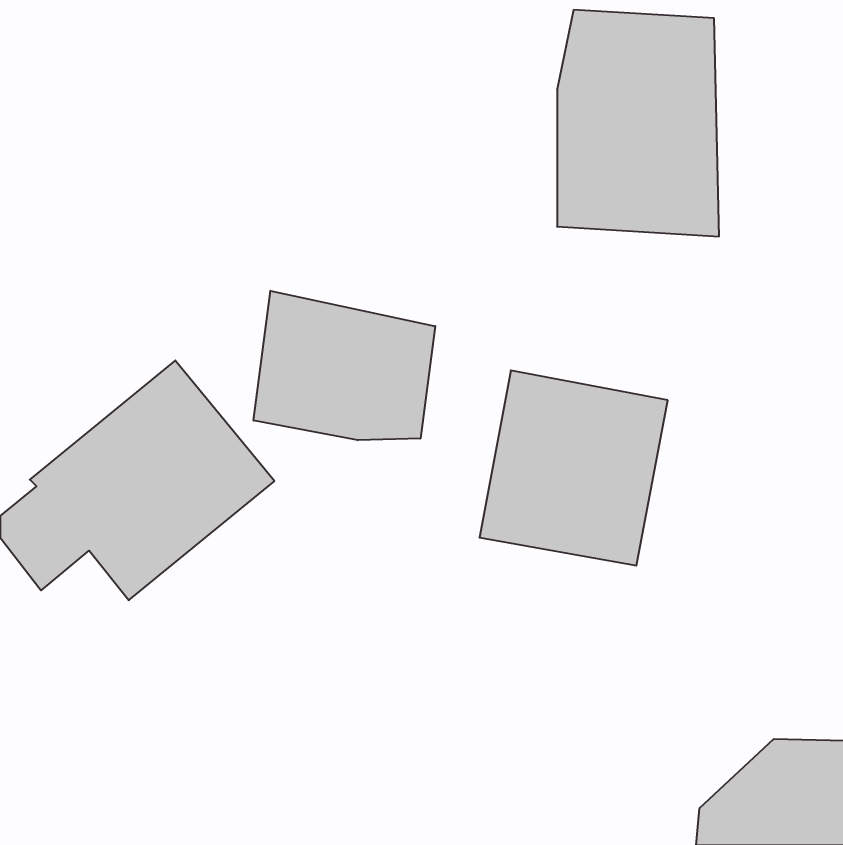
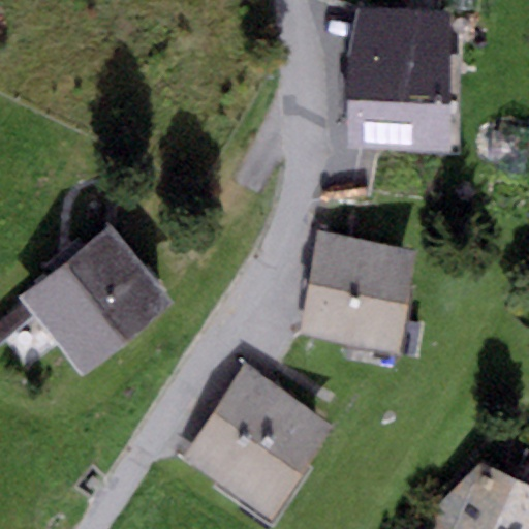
building: [254,291,435,440] -> none
building: none -> [184,366,333,517]

